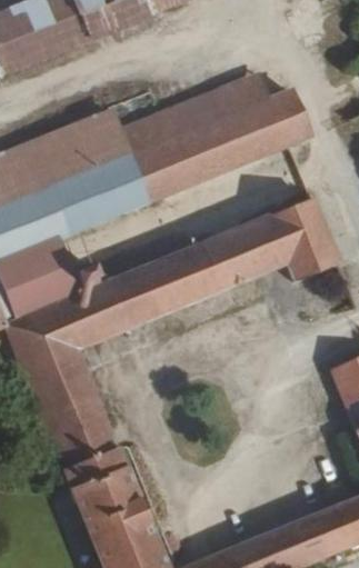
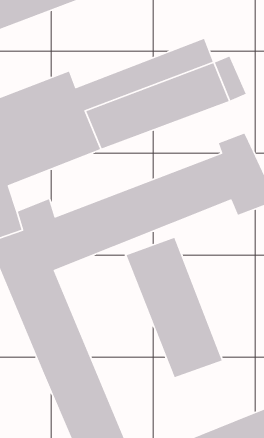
building: none -> [126,237,223,378]

